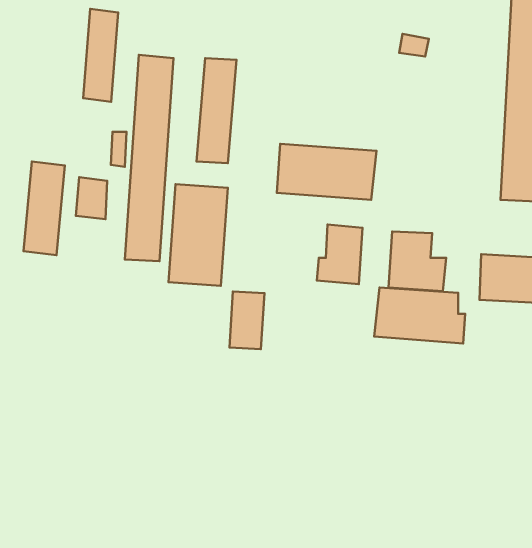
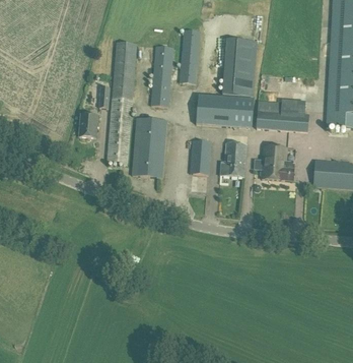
building: [83,9,118,102] -> [180,28,200,82]
building: none -> [222,38,257,96]
building: [24,162,65,255] -> none
building: [374,288,465,344] -> [256,99,308,131]
building: [229,291,264,349] -> [191,139,211,173]

